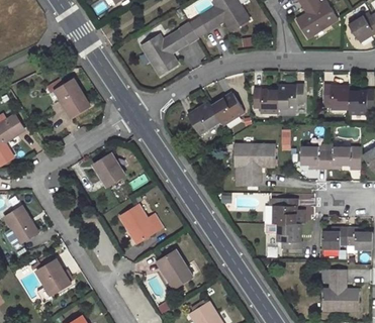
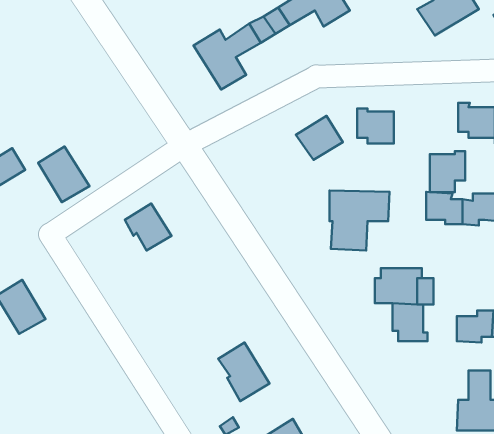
building: [55,79,90,117] -> [38,147,90,202]
building: [279,84,303,112] -> [430,151,465,192]
building: [188,102,220,133] -> none
building: [119,204,162,244] -> none
building: [35,258,71,296] -> none

